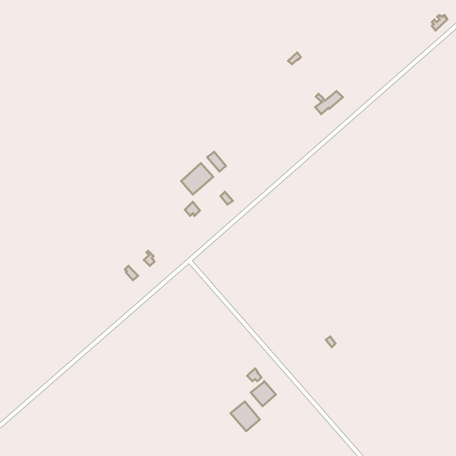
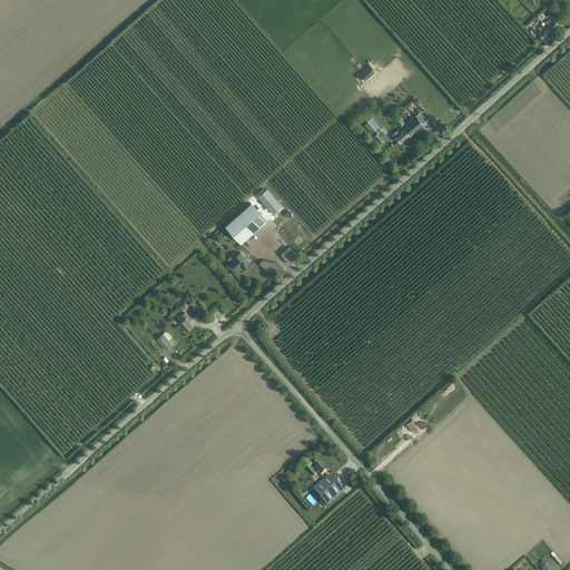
building: [230,402,260,431] -> none

